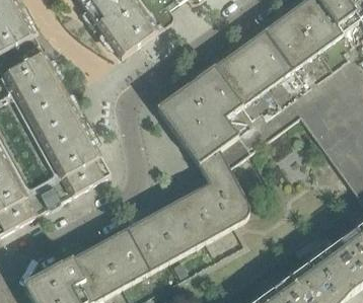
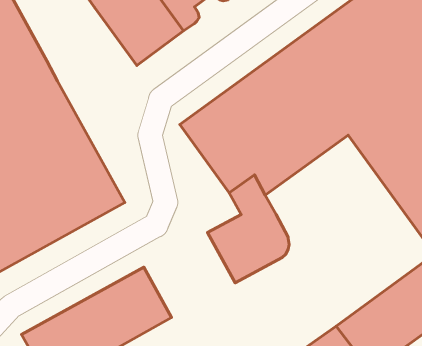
building: [127,198,204,270] -> none

